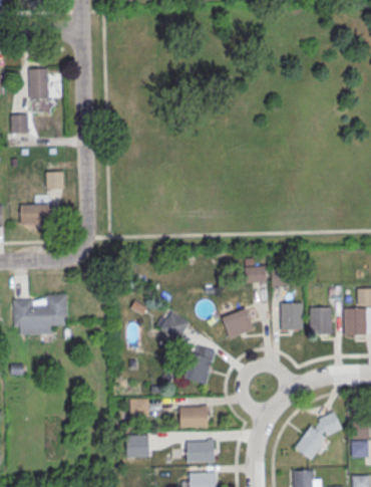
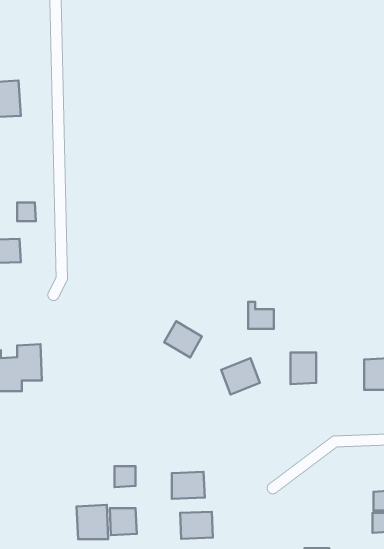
building: [310,307,333,334] -> none
building: [157,309,190,340] -> [164,321,202,358]
building: [184,344,217,385] -> none
building: [295,413,342,461] -> none
building: none -> [77,505,108,539]

